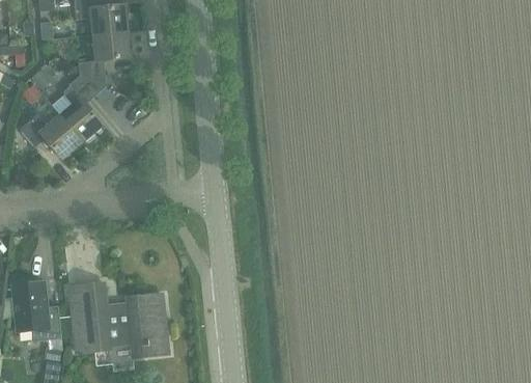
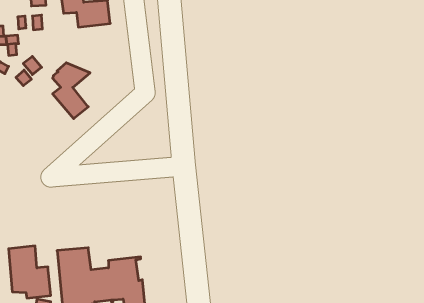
building: [79,29,132,85] -> none
building: [20,109,88,158] -> none

